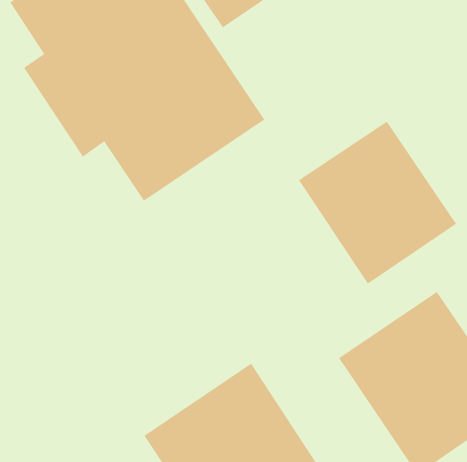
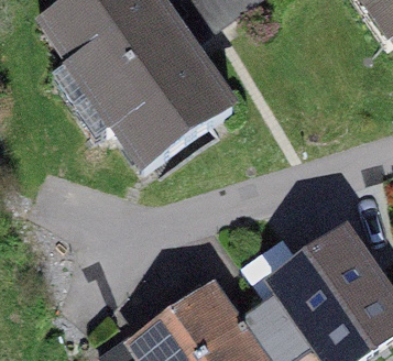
building: [298,121,457,284] -> none

